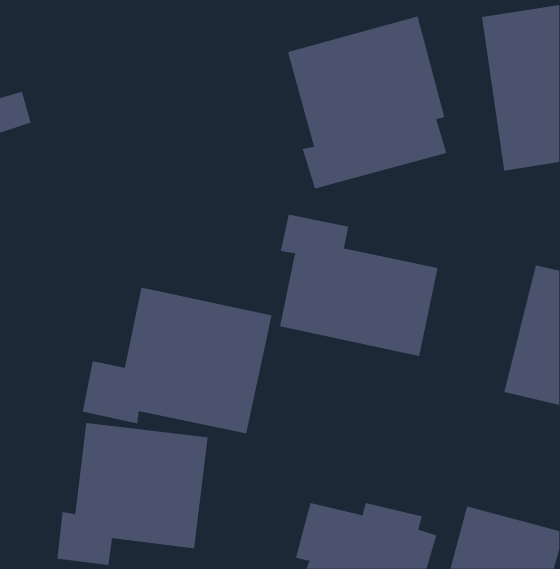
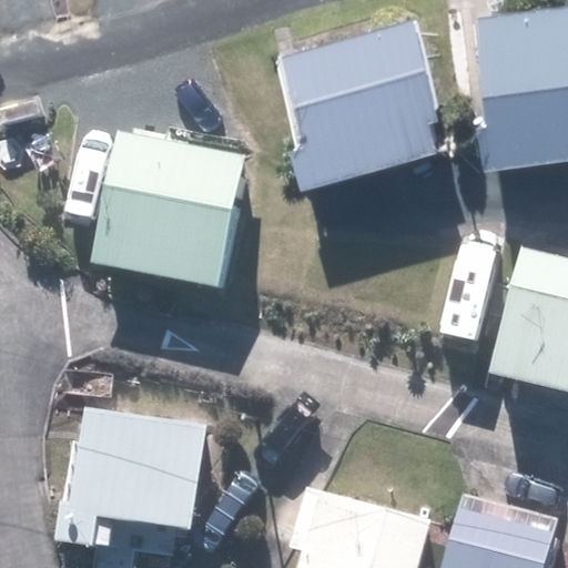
building: none -> [87,136,243,295]
building: [279,214,438,357] -> none
building: [82,287,272,434] -> none

